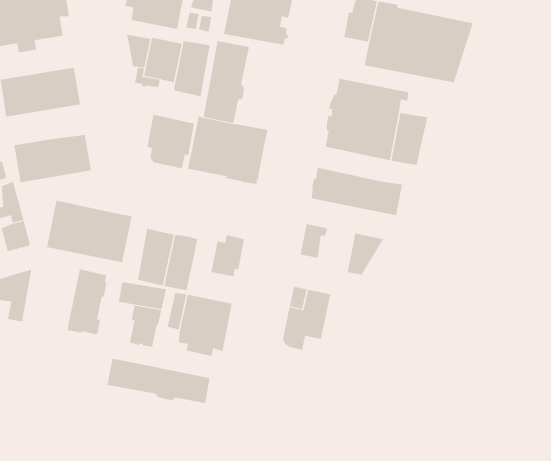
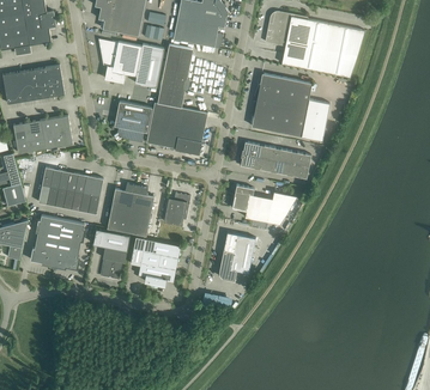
building: none -> [243,194,272,221]
building: none -> [30,215,62,266]
building: [107,358,210,404] -> none

